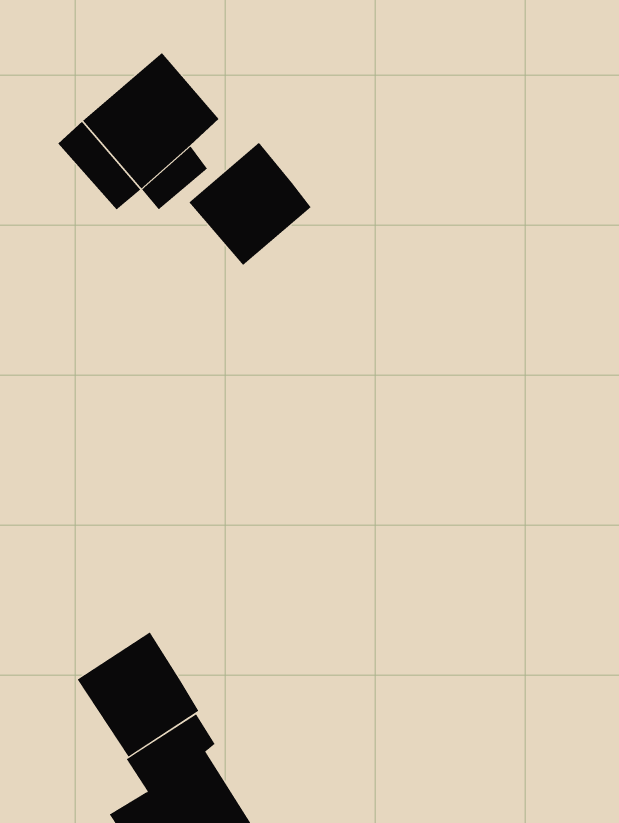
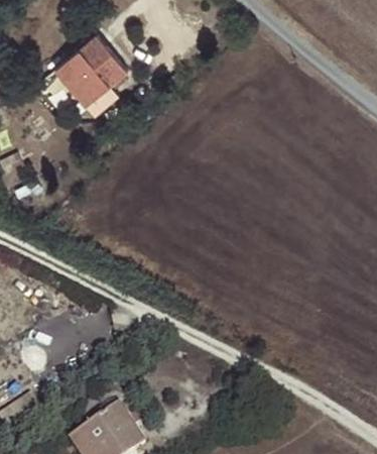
building: [189,142,312,266] -> none
building: [77,631,199,758] -> none

